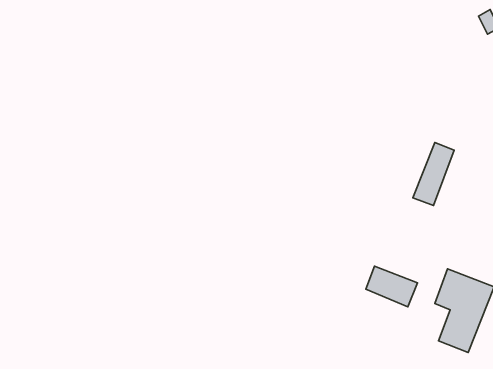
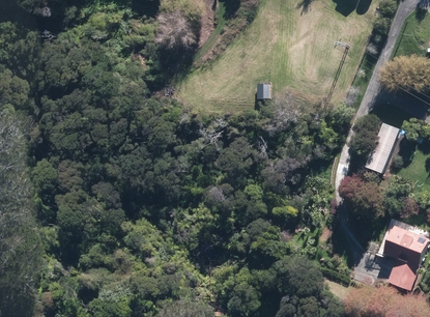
building: [366,266,417,307] -> none

